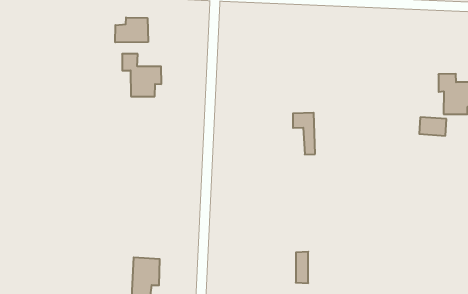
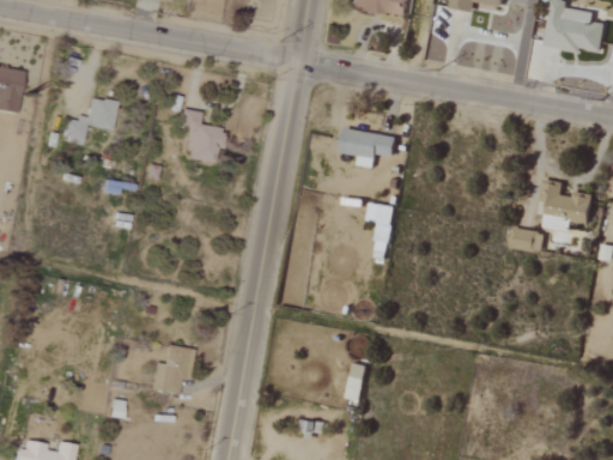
building: [115,17,148,42] -> none
building: none -> [340,128,396,167]
building: none -> [62,97,116,141]

